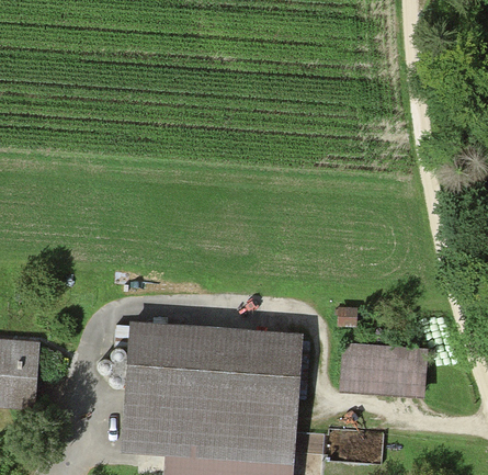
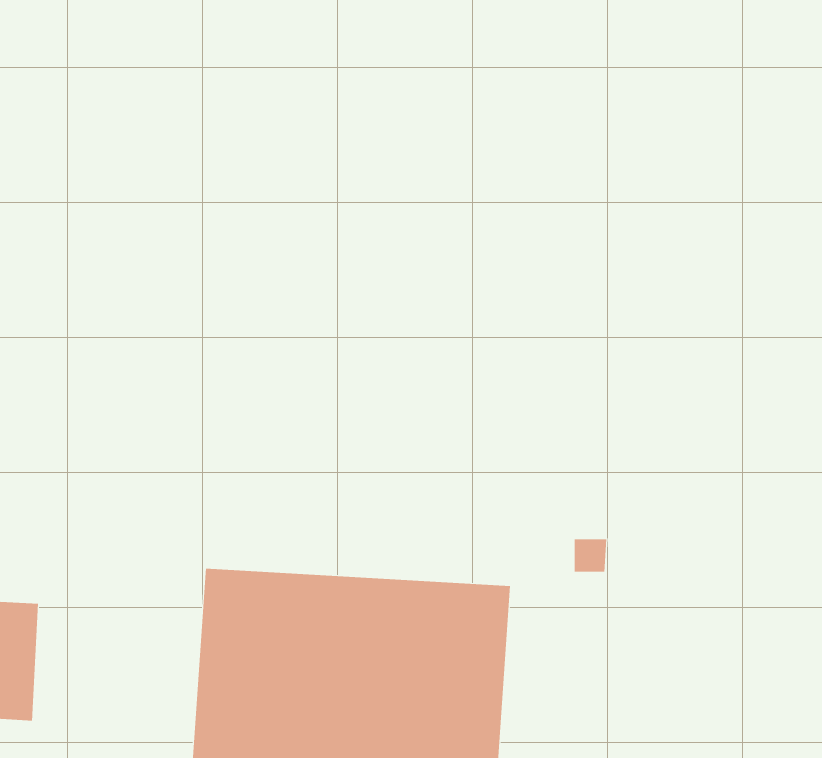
building: [340,343,424,393] -> none

